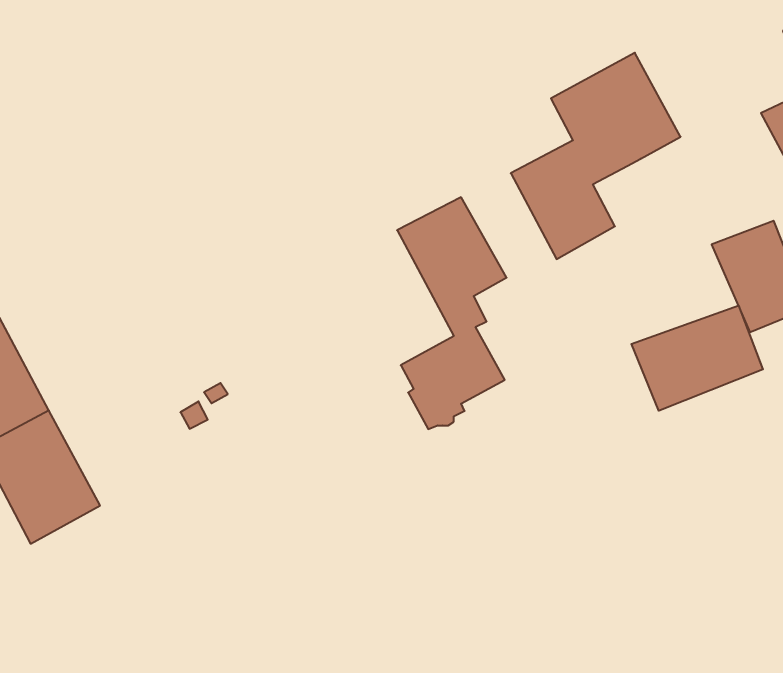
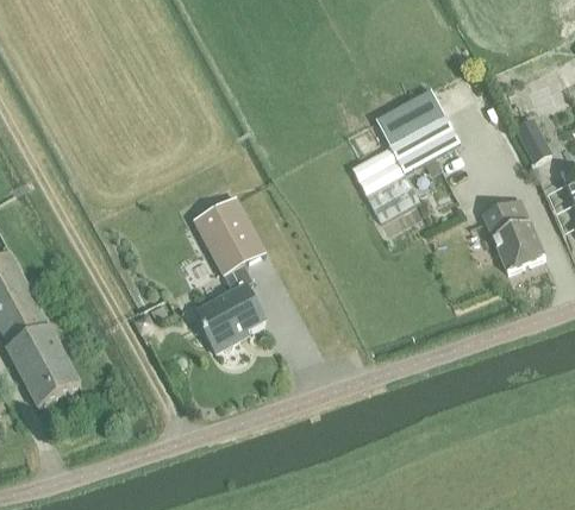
building: [397,197,507,429] -> [193,199,264,350]
building: [631,306,763,411] -> none

